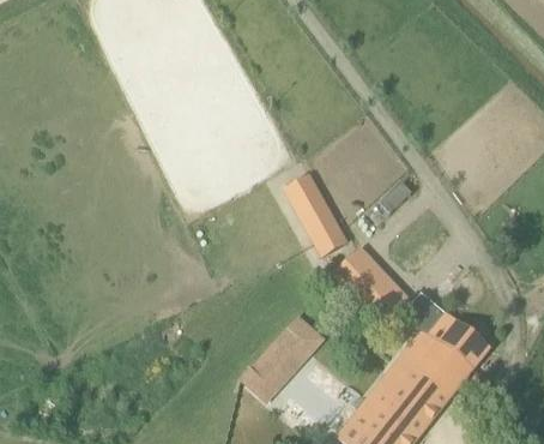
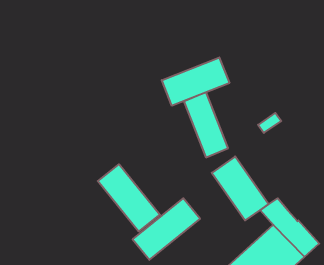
building: none -> [162,57,229,106]
building: none -> [98,164,160,231]

